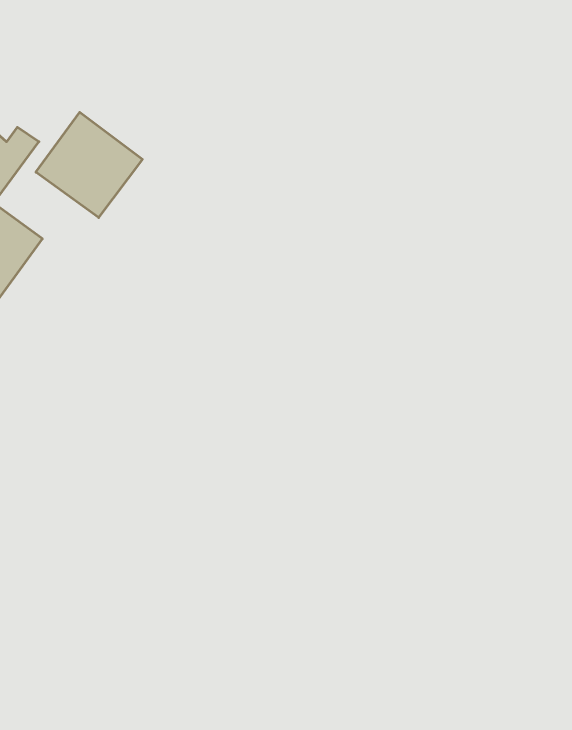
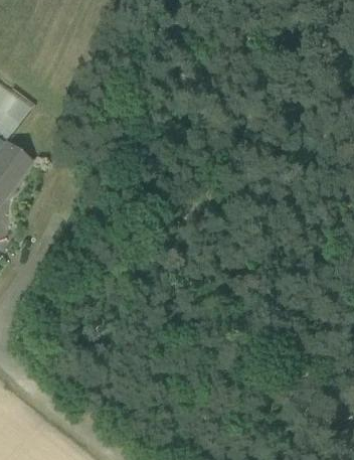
building: [36,112,142,218] -> none

